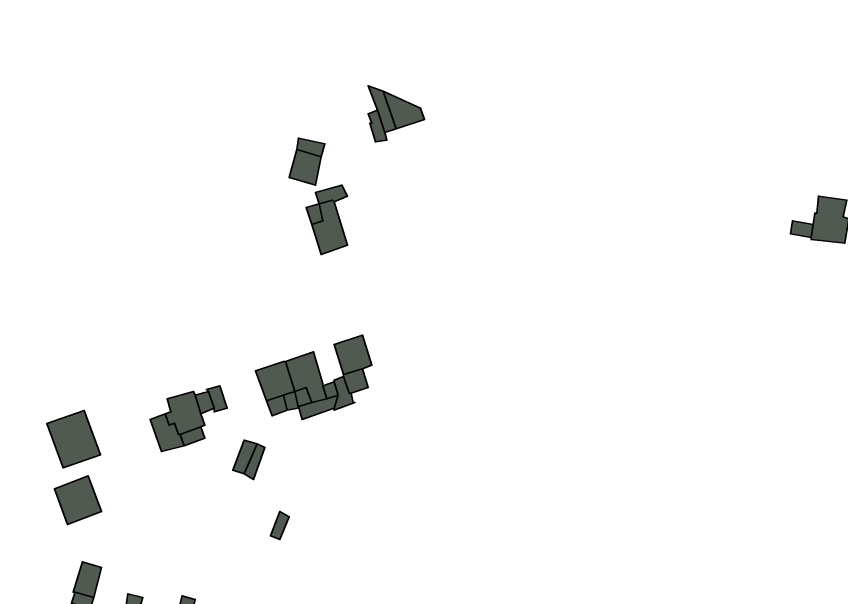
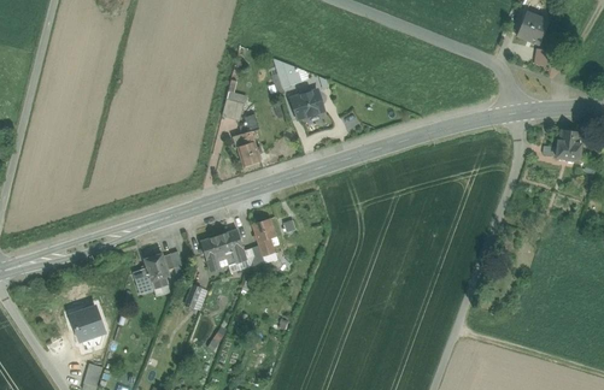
building: none -> [516,10,549,43]
building: none -> [292,90,322,117]
building: [47,410,101,468] -> none

